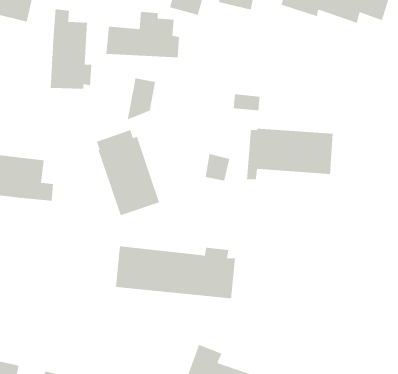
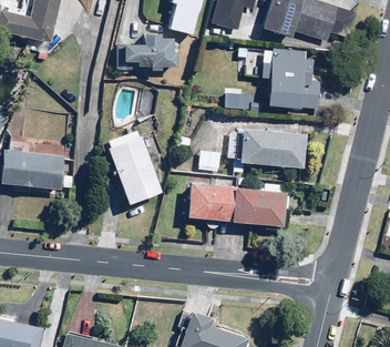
building: [50,9,92,90] -> none
building: none -> [236,49,319,109]
building: [115,246,236,299] -> [187,182,288,226]

